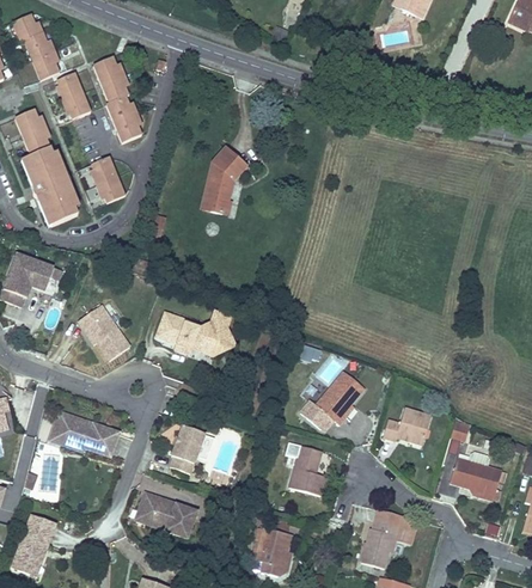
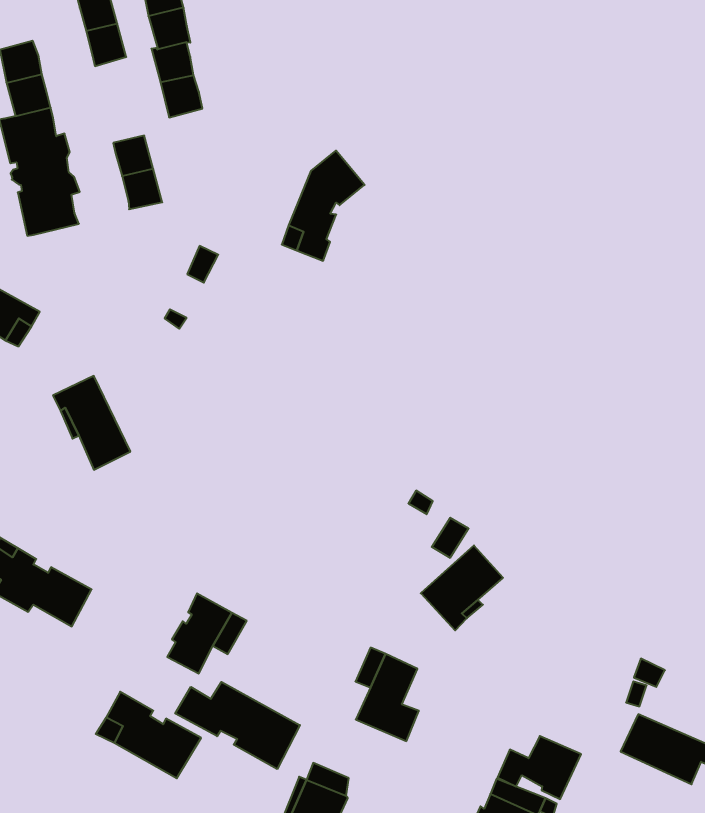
building: [155,310,234,349] -> none
building: [383,408,430,443] -> [498,736,581,799]
building: none -> [175,682,300,769]

